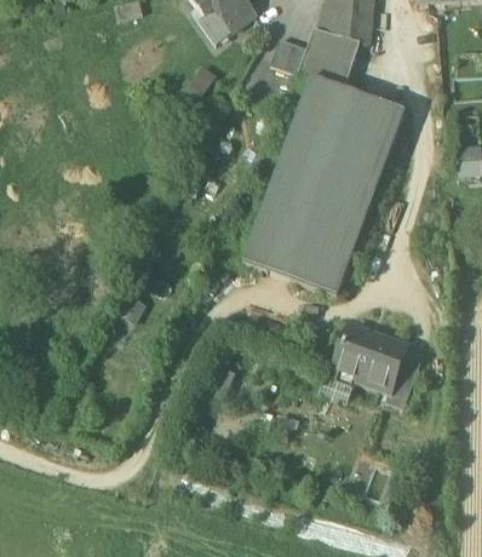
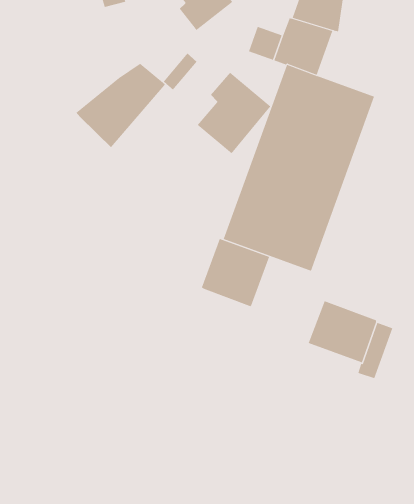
building: none -> [76,63,166,149]
building: none -> [197,72,271,154]
building: none -> [201,238,270,308]

